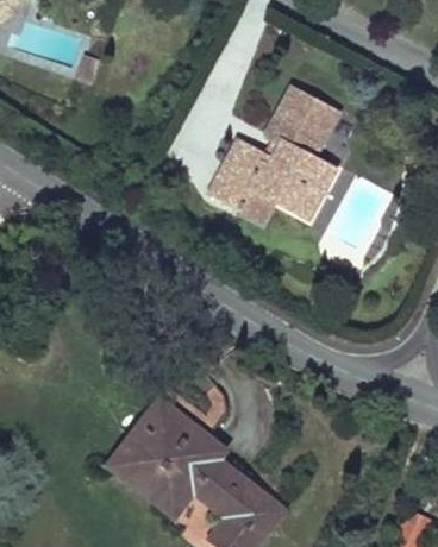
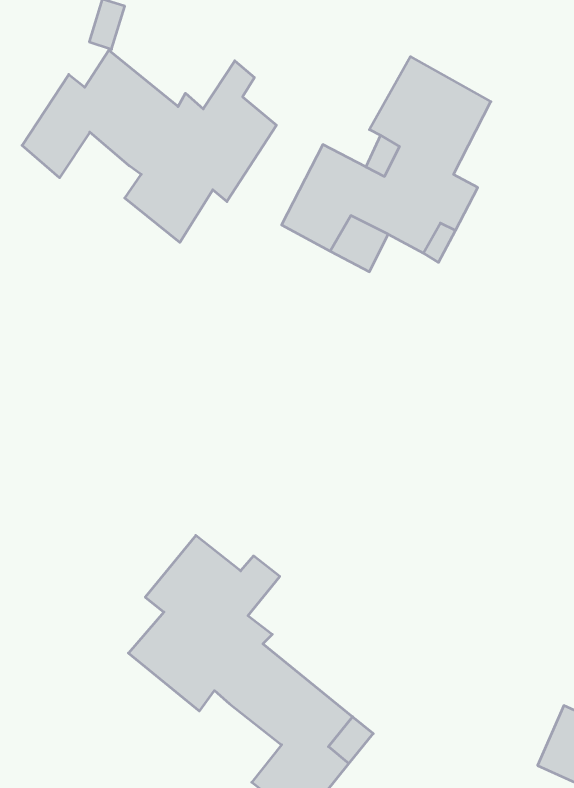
building: none -> [22,50,276,242]
building: [102,425,188,517] -> none

